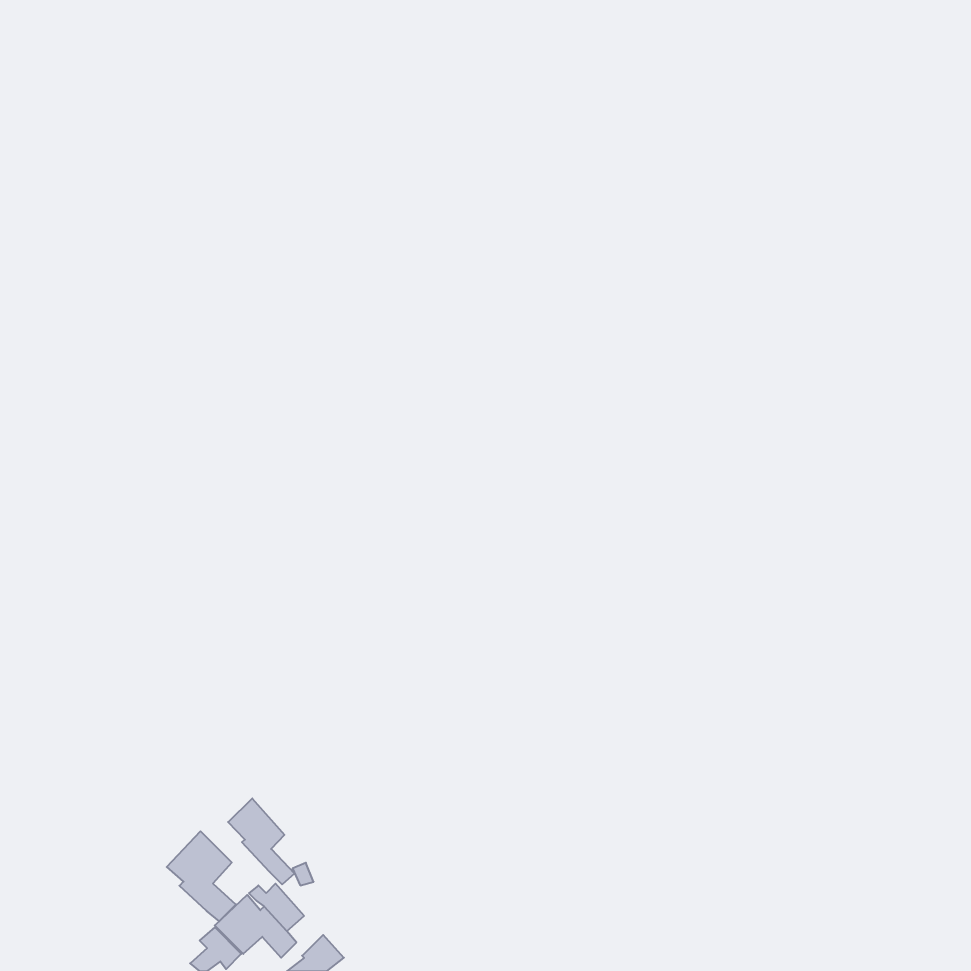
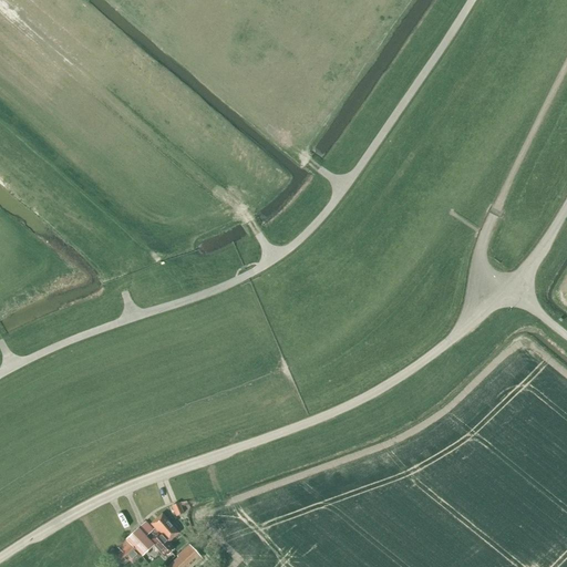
building: [228,798,294,884] -> none
building: [167,831,236,921] -> none

